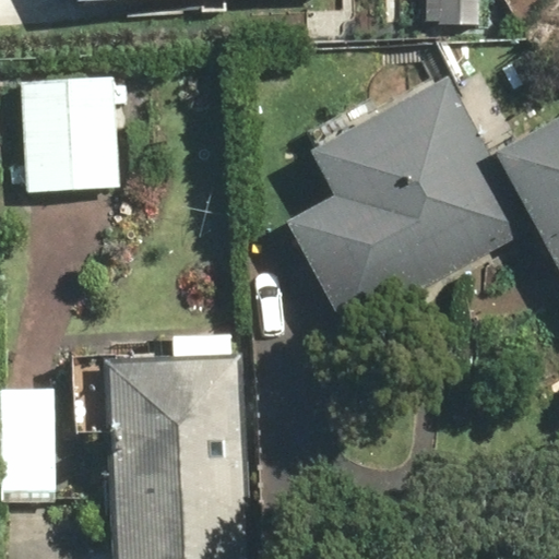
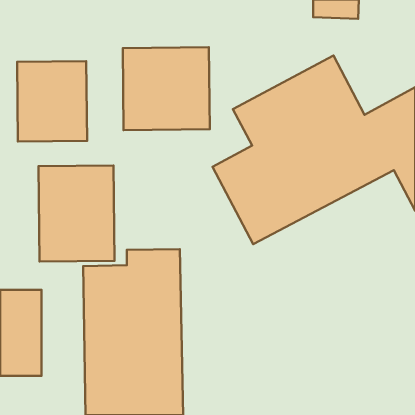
building: none -> [123,47,210,130]
building: none -> [39,165,114,262]

